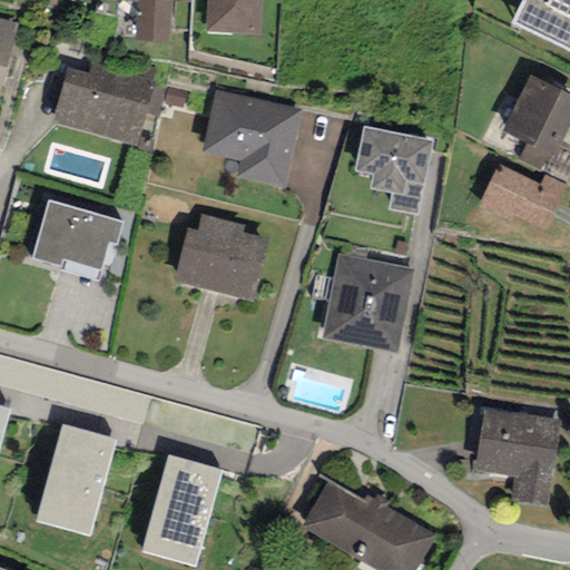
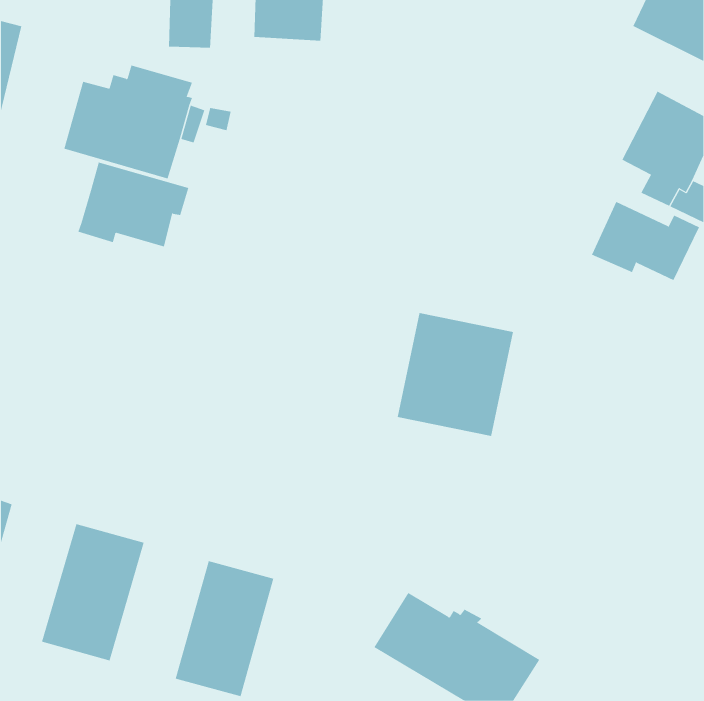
building: [200,88,301,184] -> none
building: [354,125,433,213] -> none
building: [32,199,122,268] -> [78,162,189,247]
building: [175,213,268,298] -> none
building: [475,409,560,505] -> none

